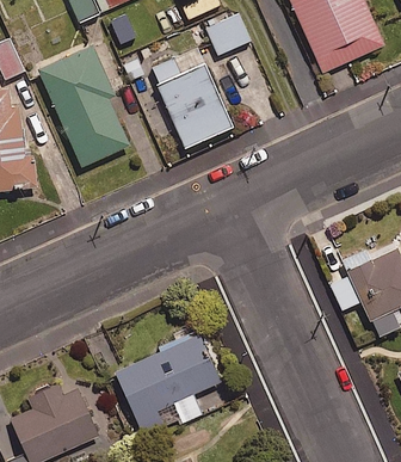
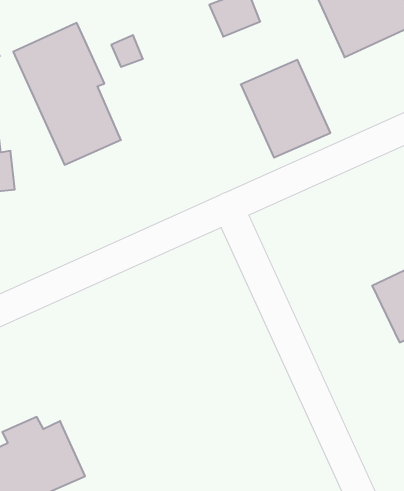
building: [156,63,234,148] -> [241,60,330,158]
building: [115,335,220,435] -> none

